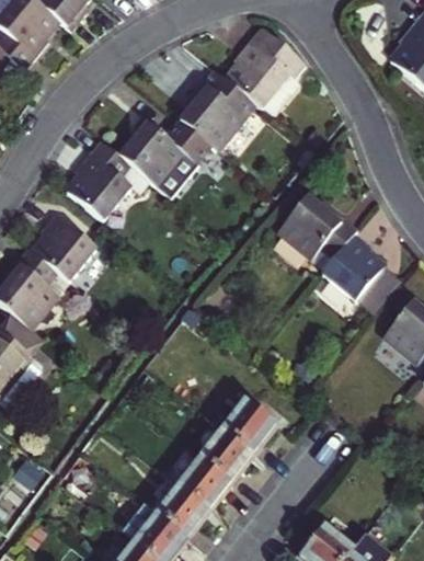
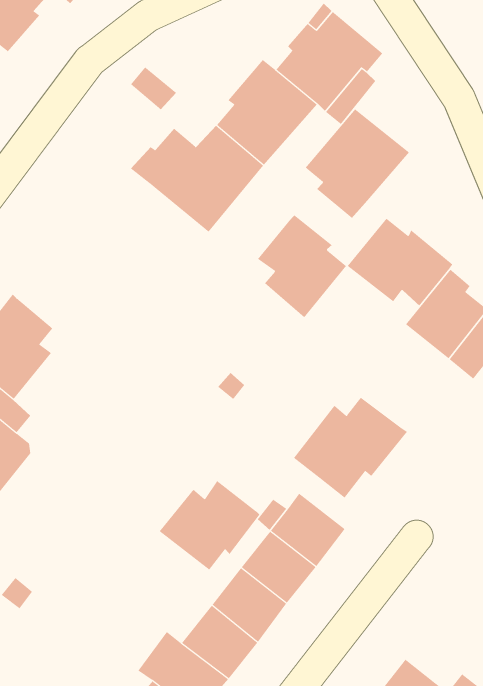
building: none -> [305,108,410,219]
building: [65,141,130,221] -> none
building: none -> [257,214,347,318]
building: [30,216,95,284] -> none
building: none -> [293,397,408,498]
building: none -> [159,480,260,570]

